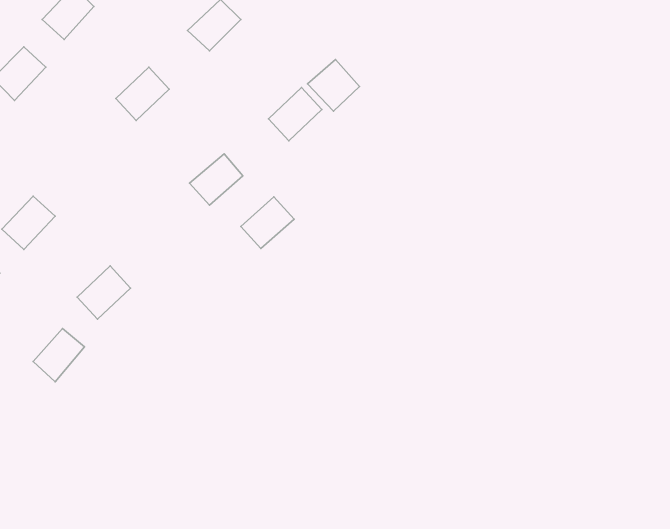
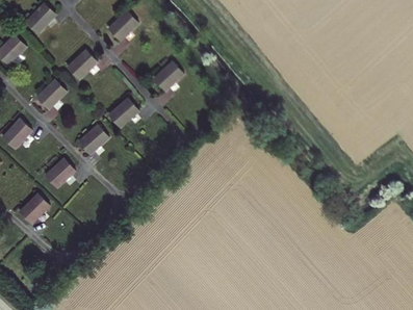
building: [307,59,360,111] -> none
building: none -> [36,78,66,108]
building: [241,197,294,248] -> [78,124,108,153]

